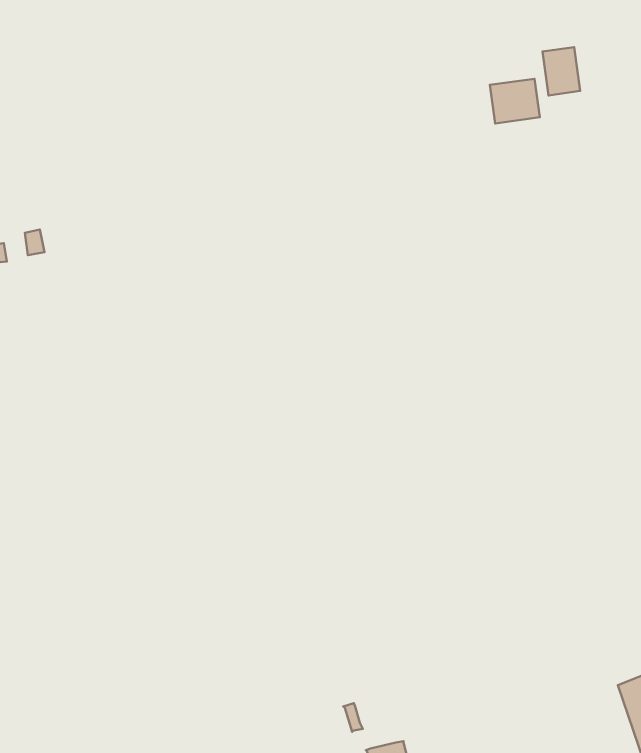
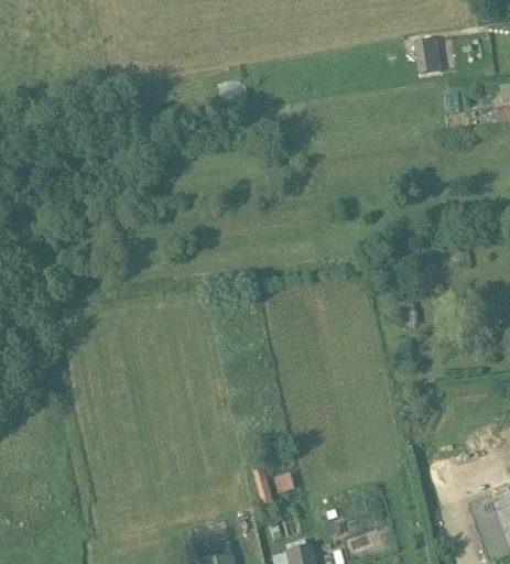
building: [490,79,540,123] -> none

